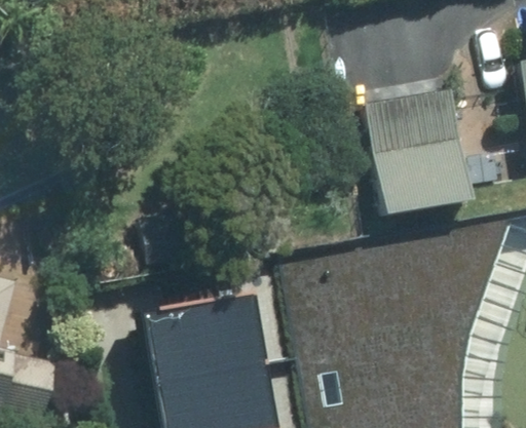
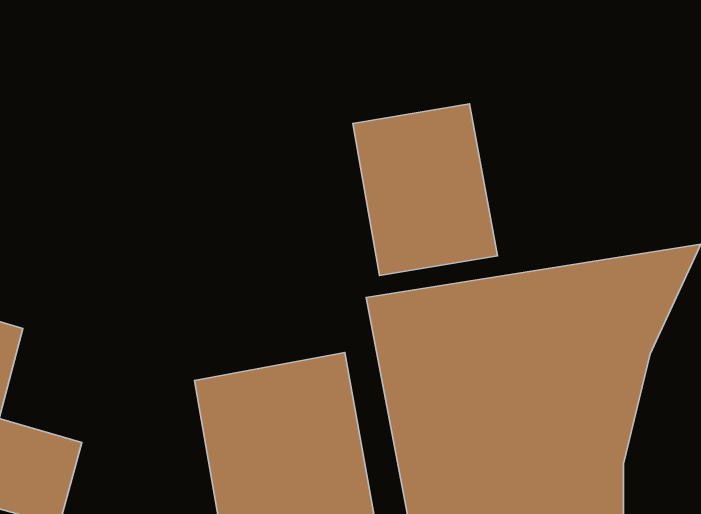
building: [368,89,474,215] -> [353,104,498,276]

